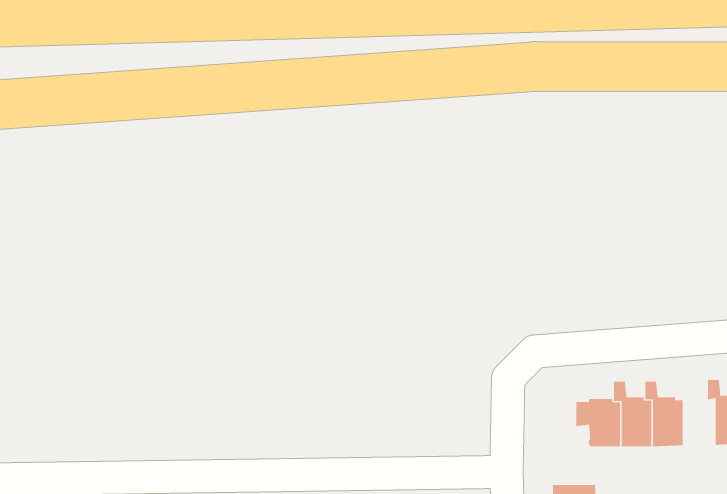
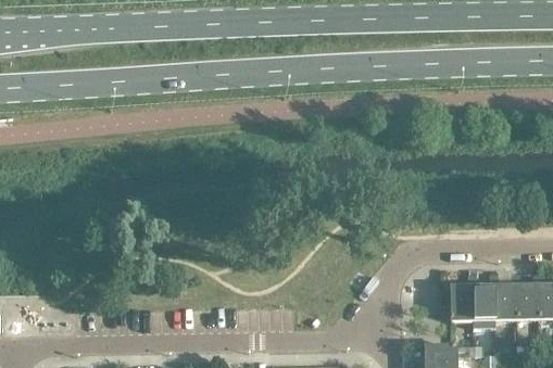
building: none -> [511,275,538,320]

